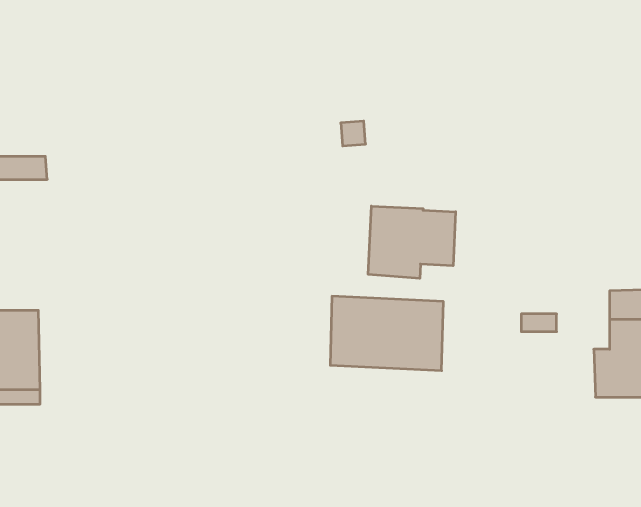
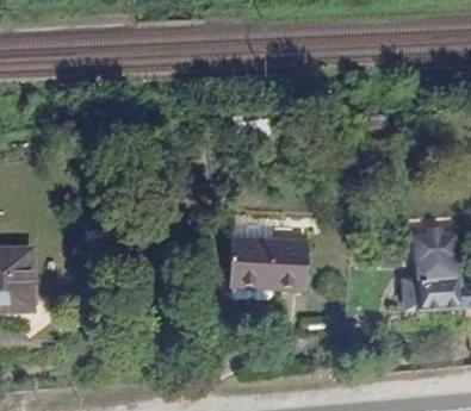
building: [368,206,456,278] -> none

